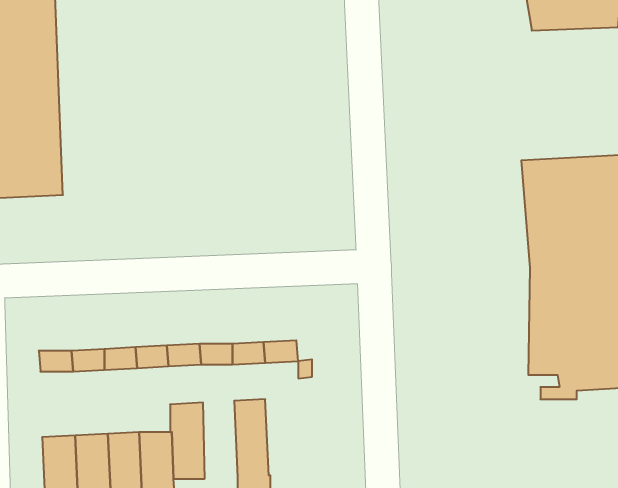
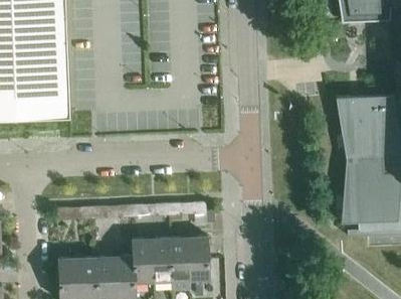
building: none -> [187,237,208,281]
building: none -> [151,238,171,283]

